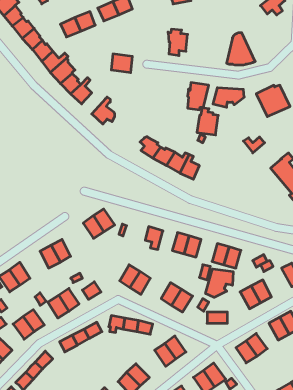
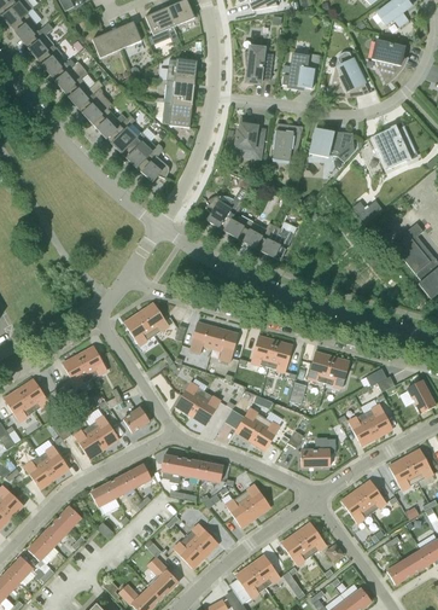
building: none -> [372,40,409,82]
building: none -> [282,53,315,89]
building: none -> [167,58,197,85]
building: none -> [162,104,192,127]
building: none -> [122,132,156,167]
building: [197,108,218,135] -> [234,118,264,157]
building: none -> [189,321,217,353]
building: [206,269,233,297] -> none

